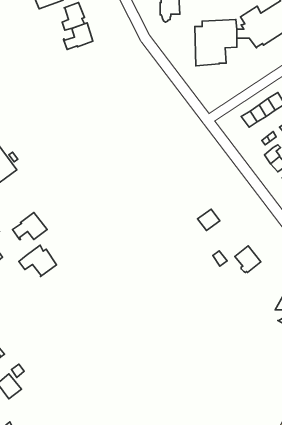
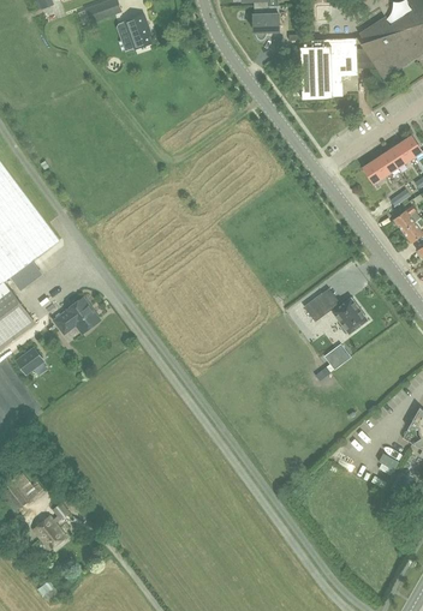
building: [63,23,93,50] -> none
building: [19,245,57,276] -> none
building: [235,246,261,272] -> [332,298,367,334]

